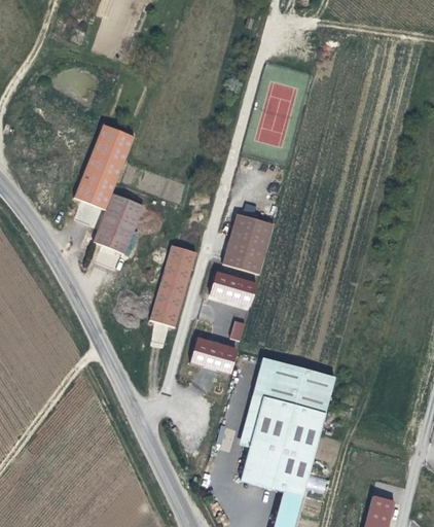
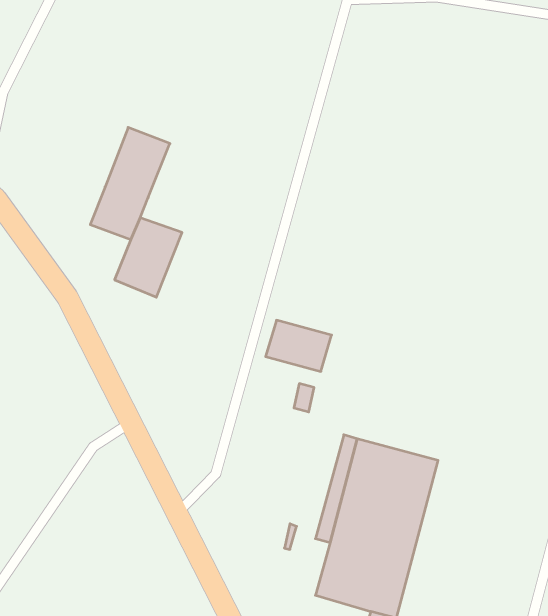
building: [219,216,273,280] -> none
building: [149,243,197,326] -> none
building: [189,337,238,373] -> none

